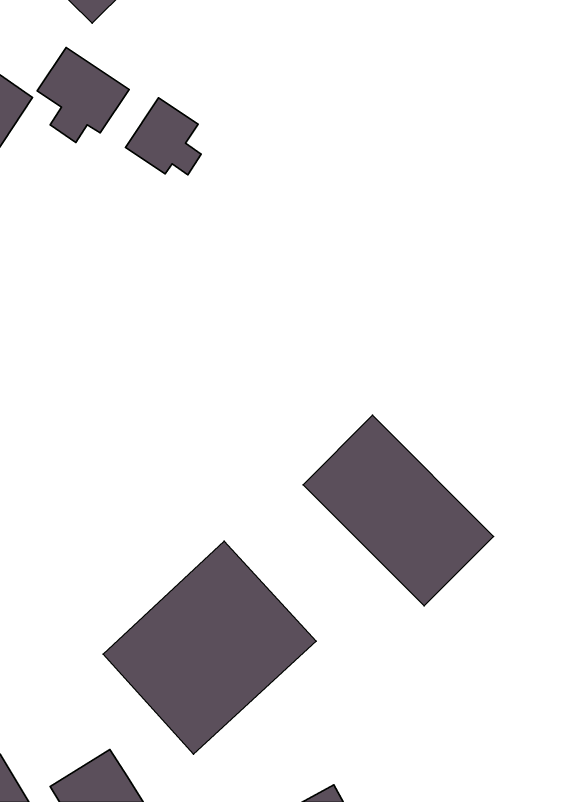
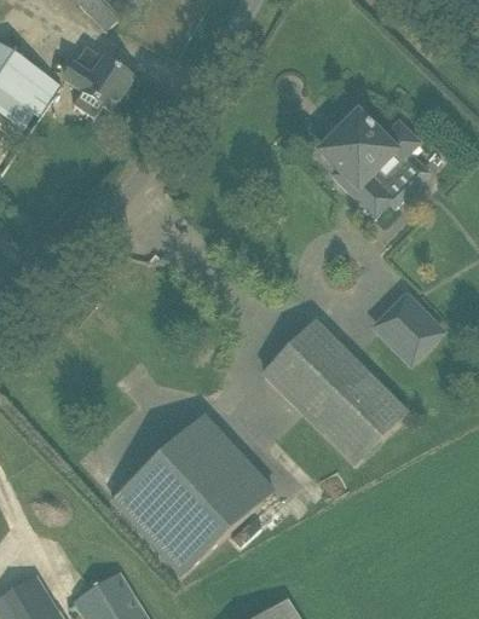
building: [126,98,201,175] -> none
building: none -> [322,114,417,214]
building: none -> [376,296,440,360]

